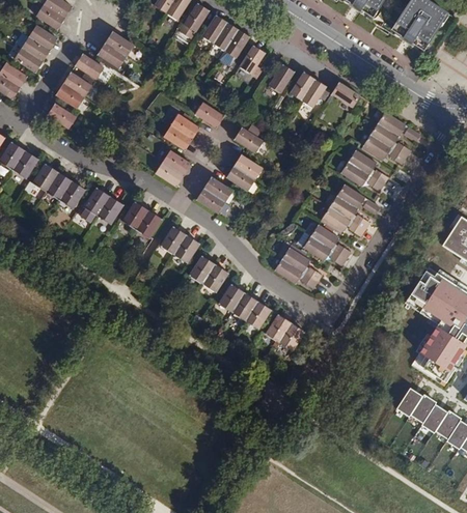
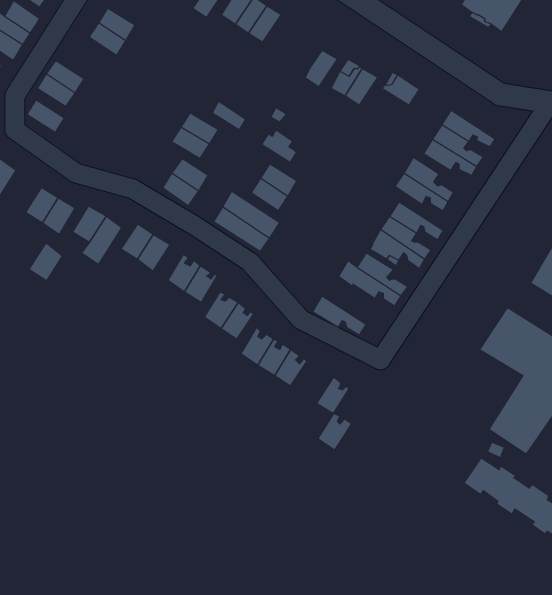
building: [238,44,265,79] -> none
building: [74,52,105,79] -> none
building: [31,162,58,192] -> [29,243,63,281]
building: [277,239,320,281] -> none
building: [264,314,291,343] -> [318,414,352,450]

